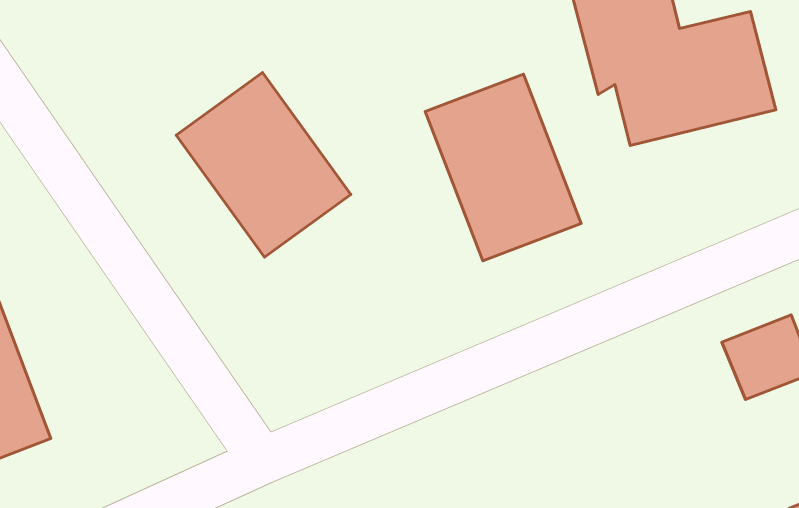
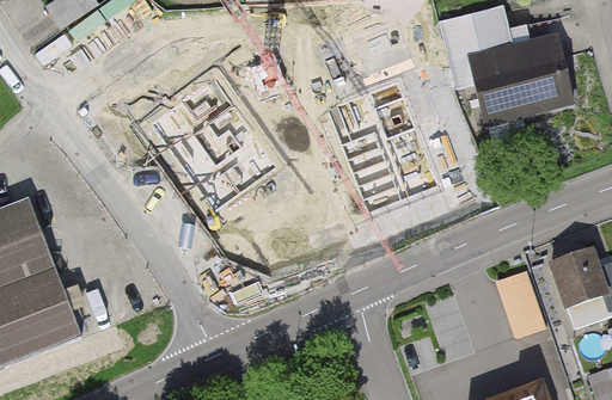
building: none -> [502,261,552,336]

